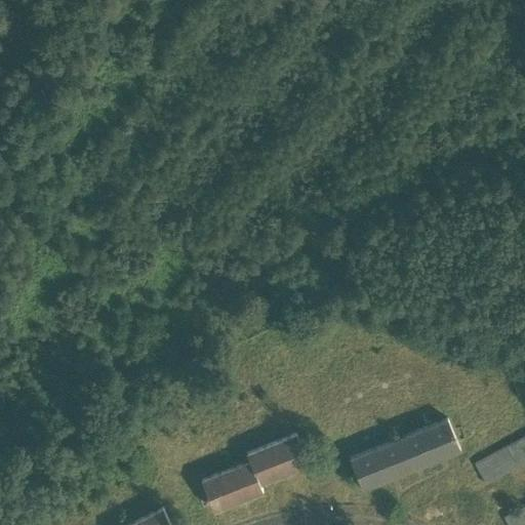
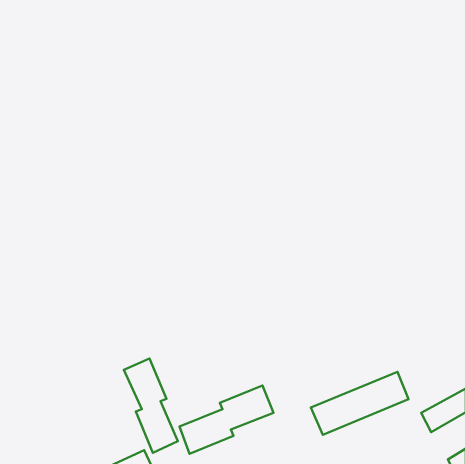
building: none -> [124,359,178,453]

